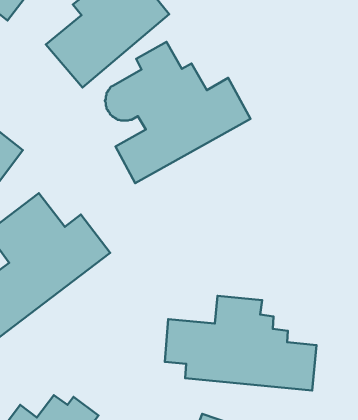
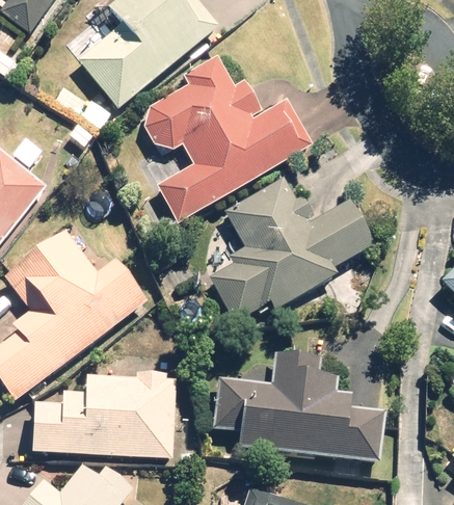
building: none -> [212,176,376,321]
building: none -> [29,376,173,460]

